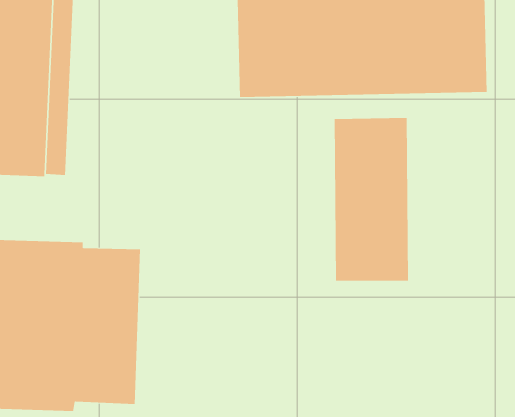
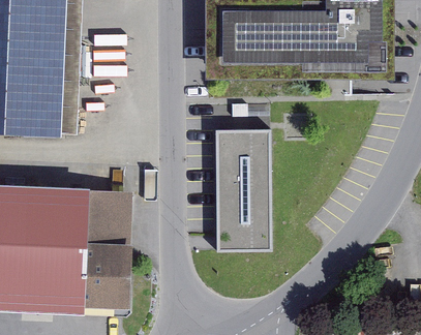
building: [334,118,409,281] -> [215,129,272,253]

